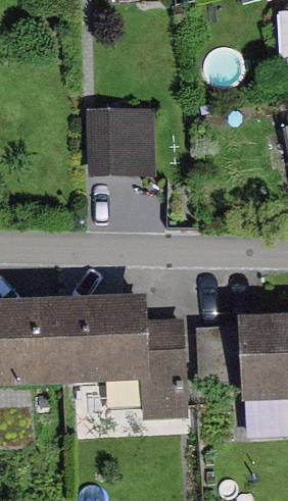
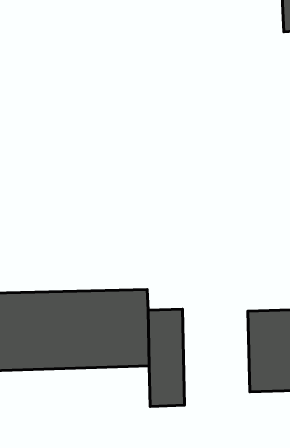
building: [86,106,152,177] -> none

